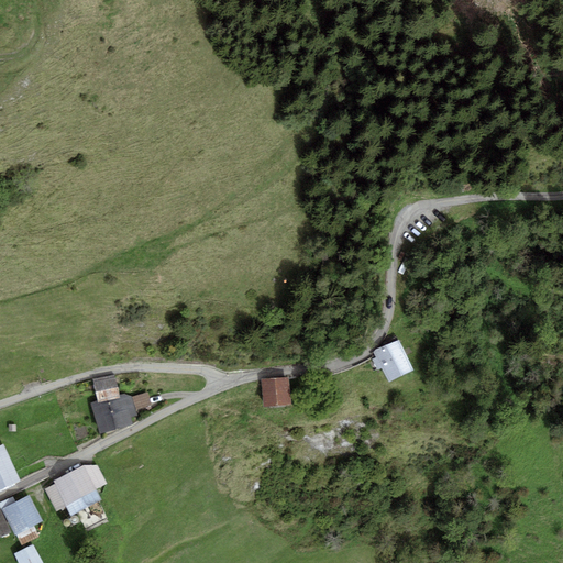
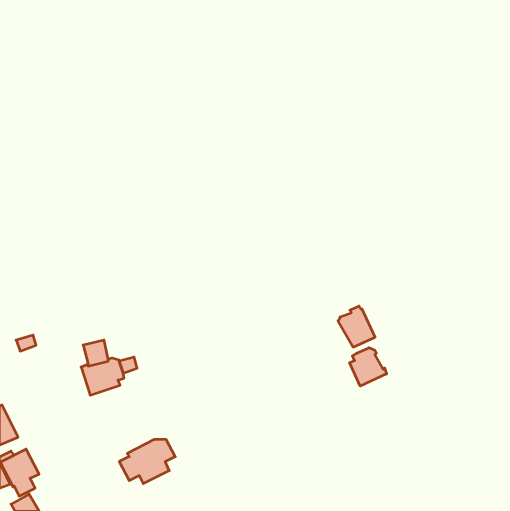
building: [260,375,290,407] -> none
building: none -> [350,348,387,386]
building: [44,465,106,514] -> [119,440,175,484]

